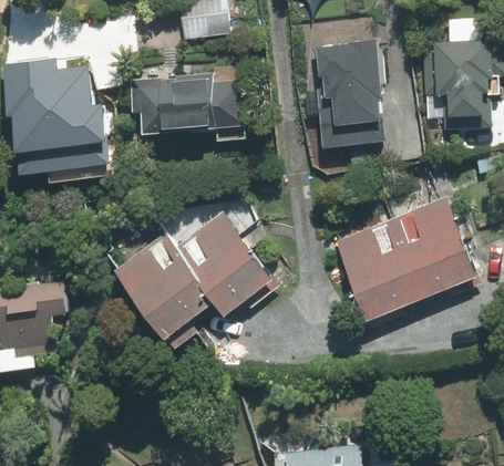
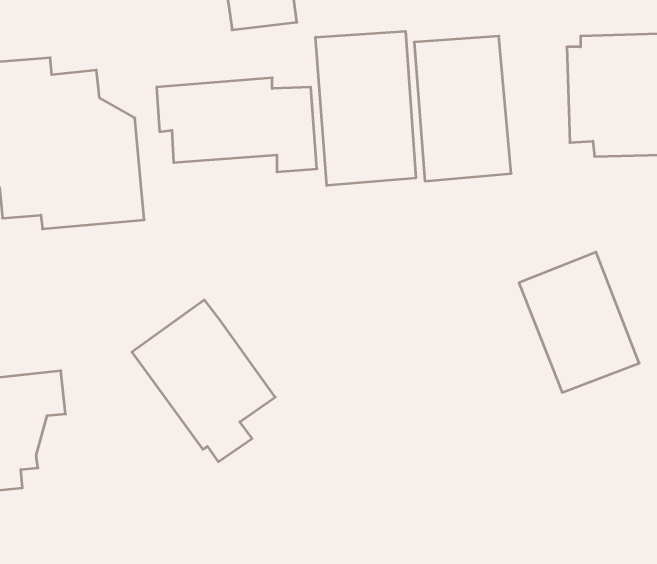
building: none -> [316,31,416,186]
building: [175,213,278,314] -> none
building: [335,220,421,320] -> none

